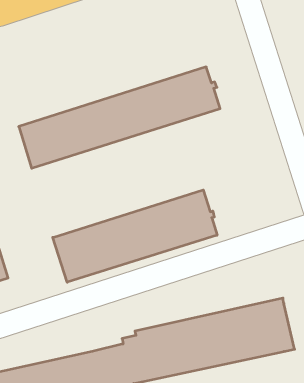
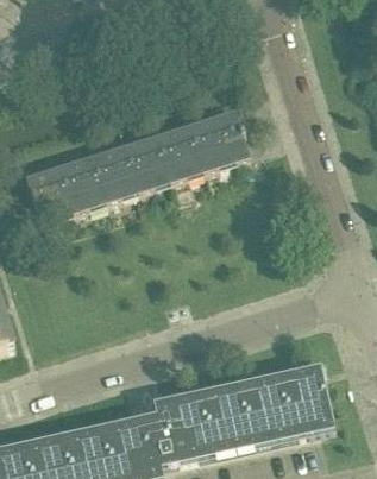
building: [53,190,217,282] -> none

